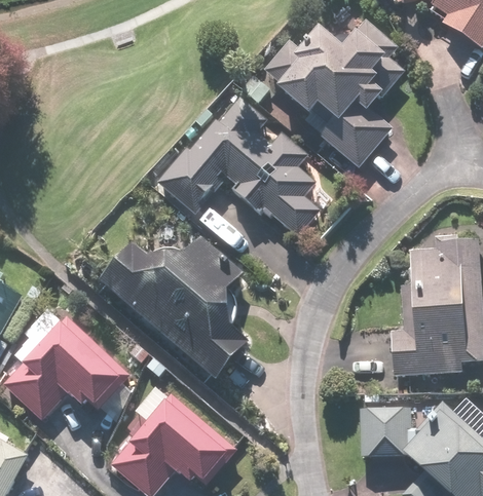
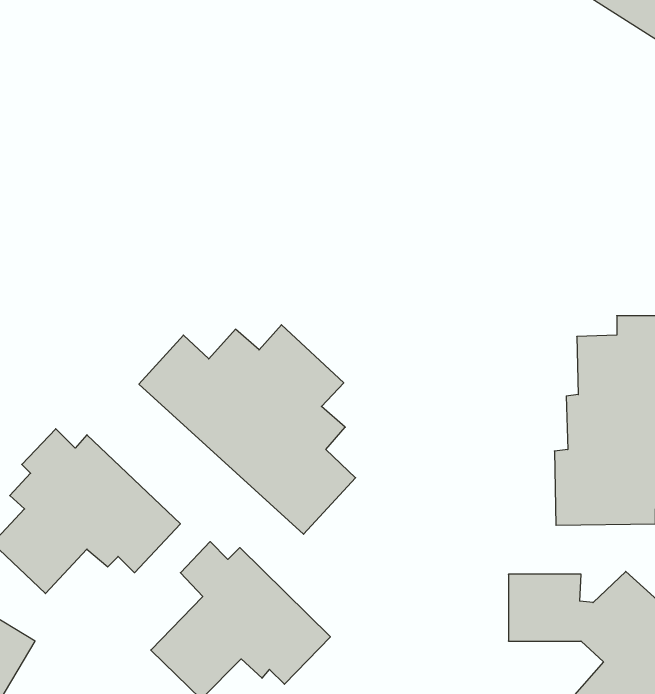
building: [263,20,398,165] -> none
building: [152,92,322,238] -> none

